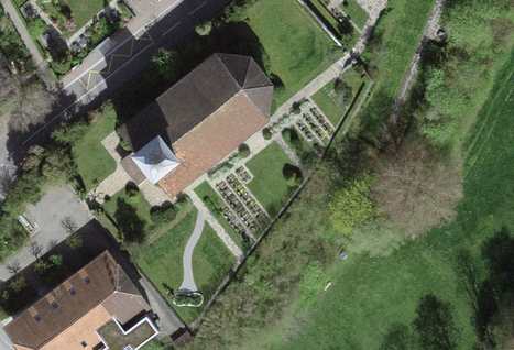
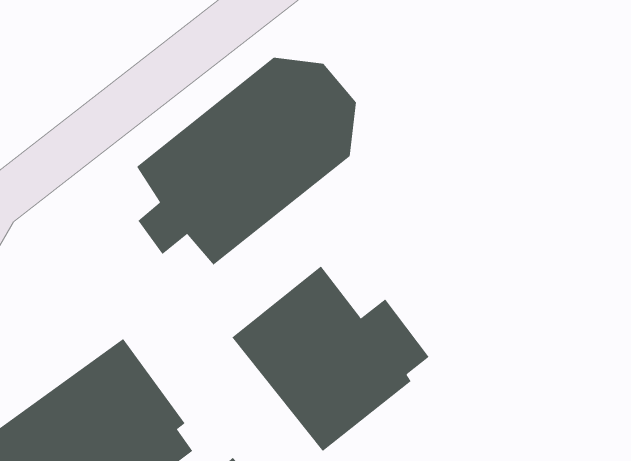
building: none -> [232,266,430,452]

